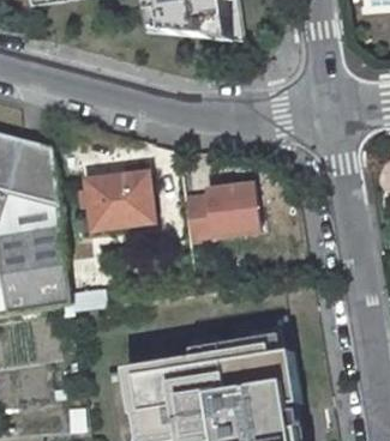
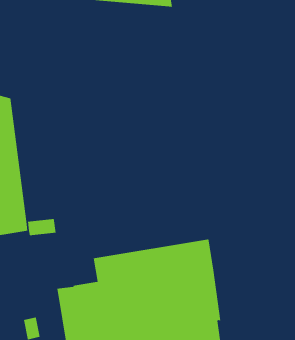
building: [85,173,152,229] -> none
building: [182,183,258,241] -> none

